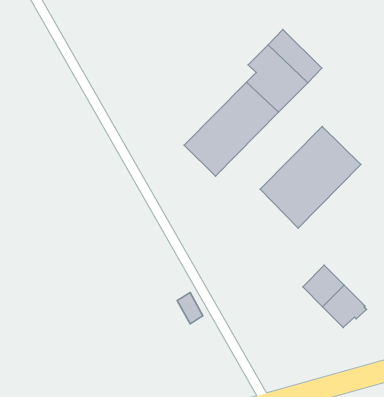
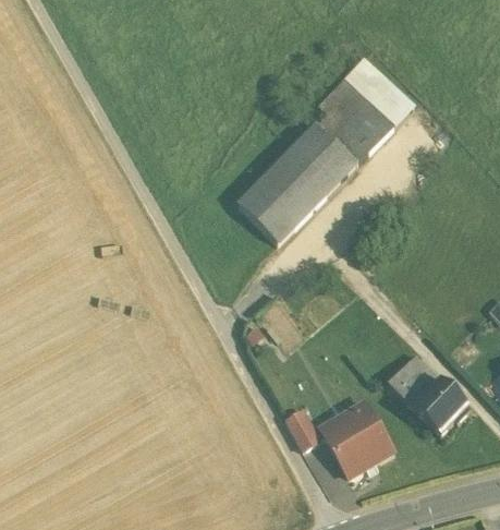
building: [260,127,361,228] -> none
building: [177,293,203,324] -> [285,410,318,449]
building: none -> [324,401,391,475]

